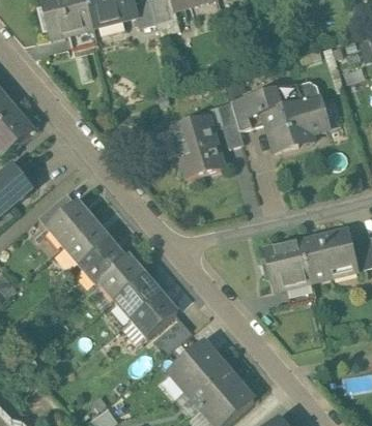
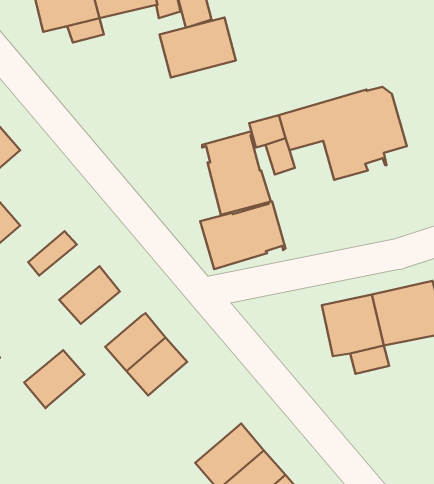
building: none -> [159,17,236,78]
building: none -> [200,202,285,269]
building: [47,201,93,244] -> none
building: [79,238,125,282] -> [24,350,85,408]
building: [131,292,177,337] -> none
building: [153,316,193,354] -> none

